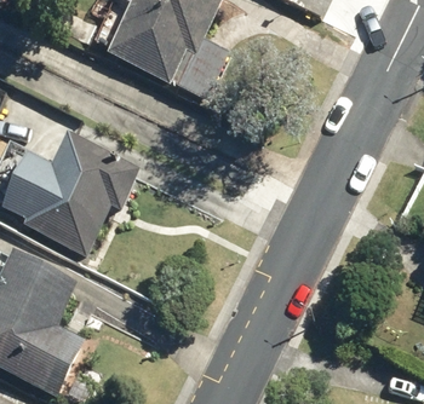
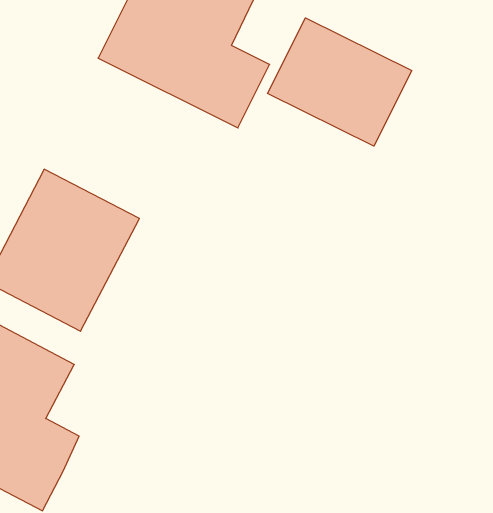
building: none -> [268,18,412,146]

